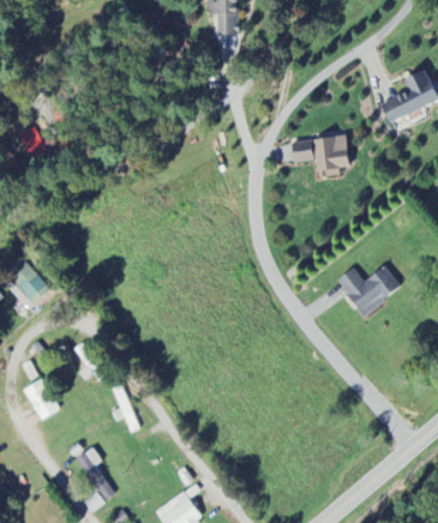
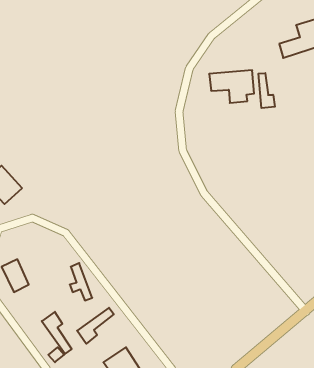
building: none -> [258,73,275,108]
building: [336,266,401,315] -> none
building: none -> [77,308,114,344]

